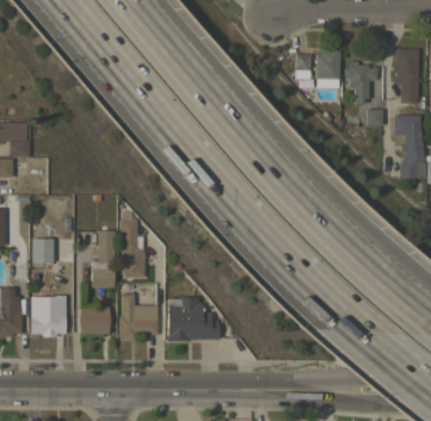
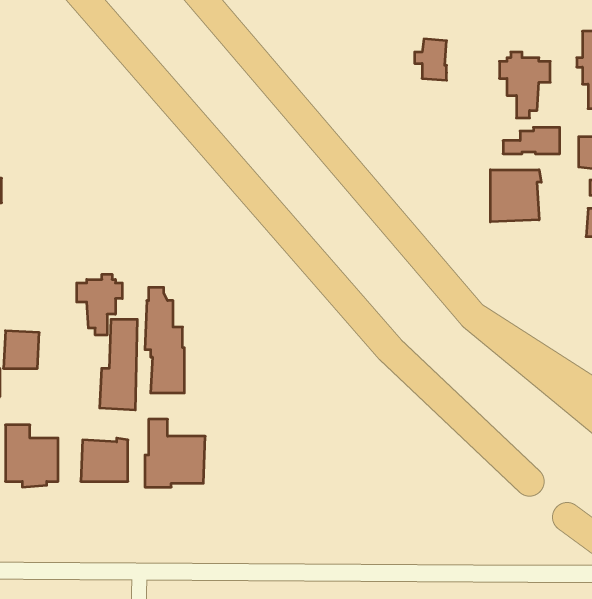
building: [316,50,340,88] -> none
building: none -> [490,170,541,222]
building: none -> [77,274,122,335]
building: [168,297,220,341] -> none

